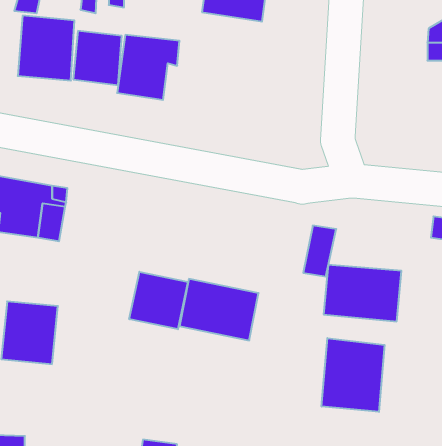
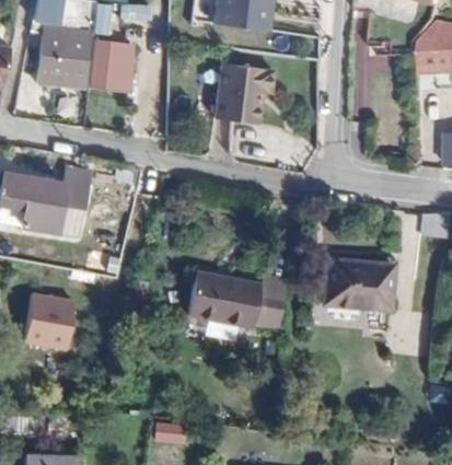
building: [117,35,180,100] -> [216,68,274,128]
building: [303,226,336,276] -> [253,284,283,332]
building: [129,272,188,329] -> none
building: [322,338,385,412] -> none

